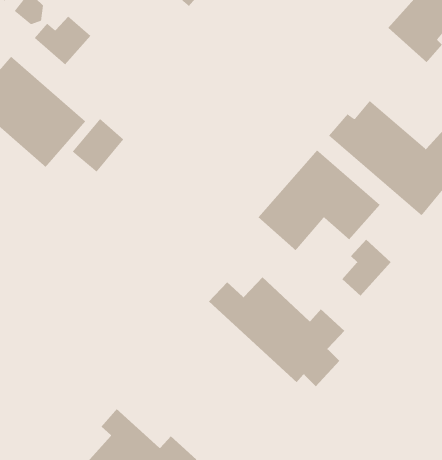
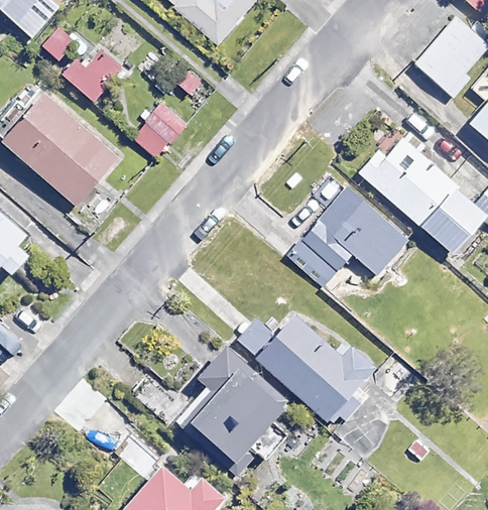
building: [72,118,124,173] -> [132,103,185,157]
building: [342,239,391,297] -> none
building: none -> [182,346,288,461]

